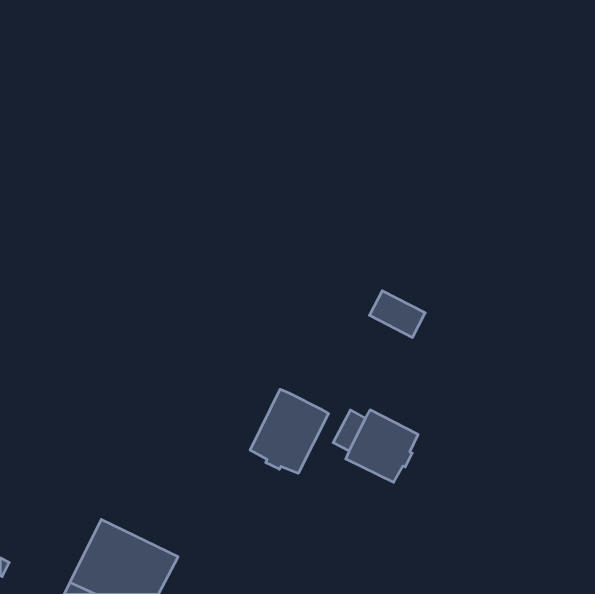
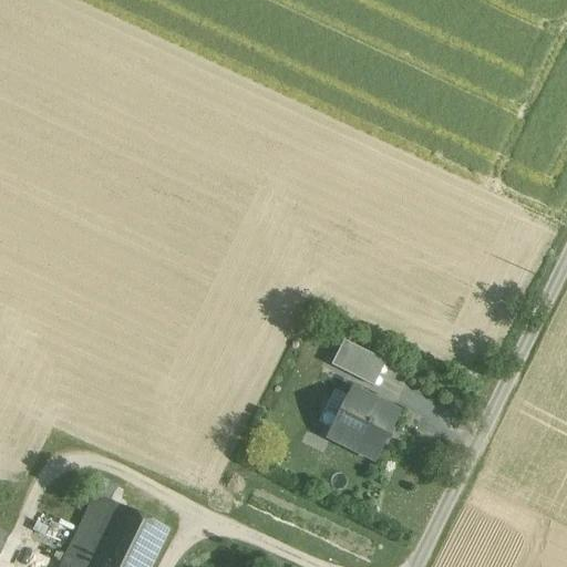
building: [369,291,425,337] -> [332,341,385,385]
building: [250,389,329,473] -> none

